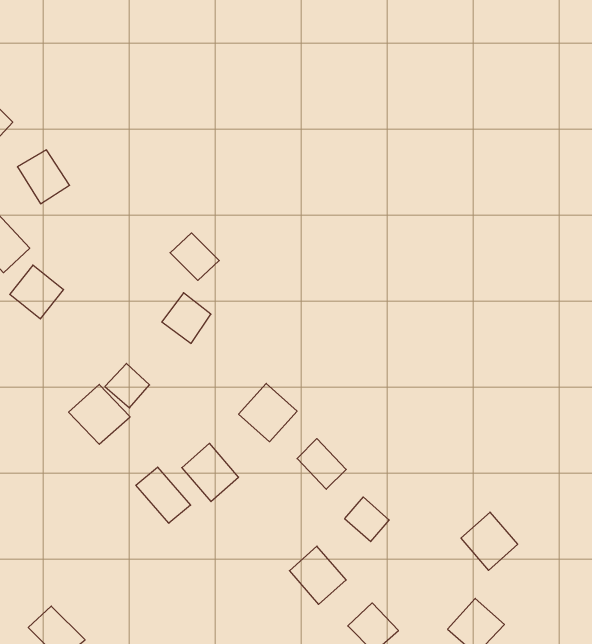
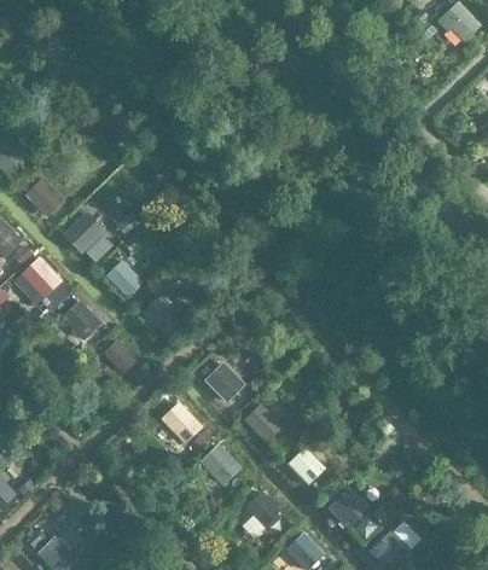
building: none -> [68,220,105,257]
building: [170,233,219,280] -> [109,260,147,297]
building: [69,384,130,444] -> [58,298,106,345]
building: [136,467,191,523] -> none
building: none -> [207,447,246,487]
building: [461,512,518,570] -> [330,484,374,530]

